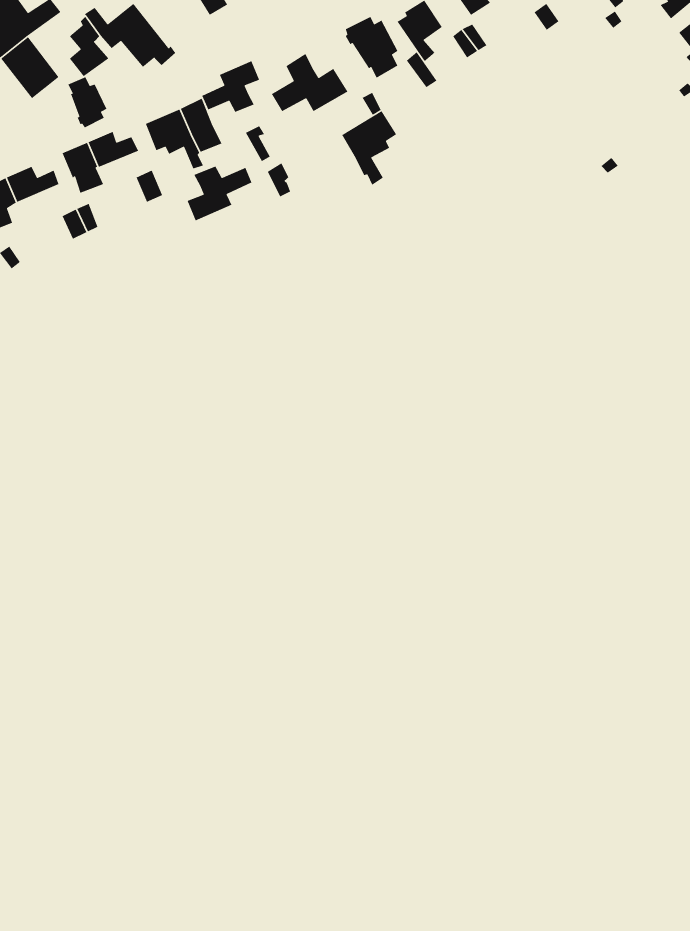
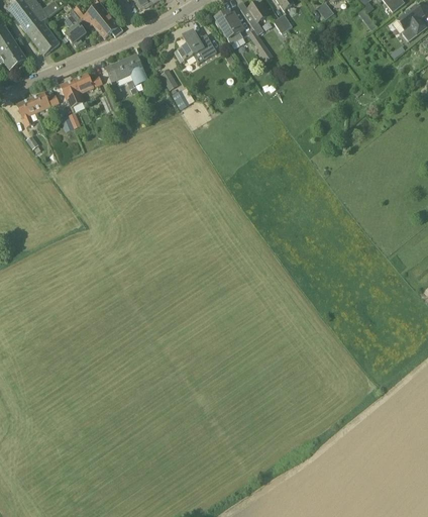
building: [201,60,260,113] -> none
building: [67,76,108,128] -> none
building: [341,110,397,186] -> none
building: [187,165,252,222] -> none

